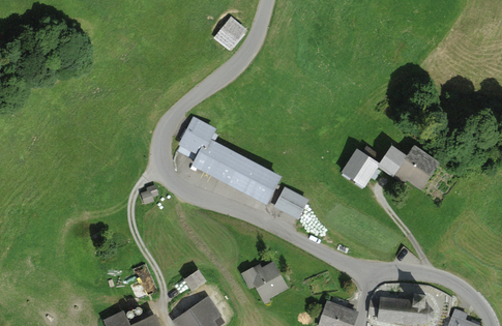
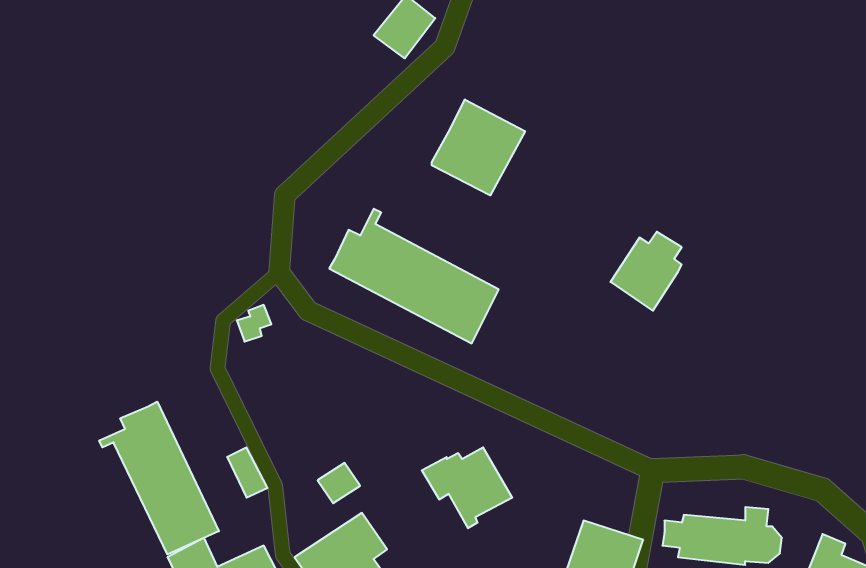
building: none -> [432,99,525,195]
building: [177,115,217,159] -> none
building: [378,145,440,190] -> none
building: [274,186,309,218] -> none
building: none -> [99,402,219,554]

